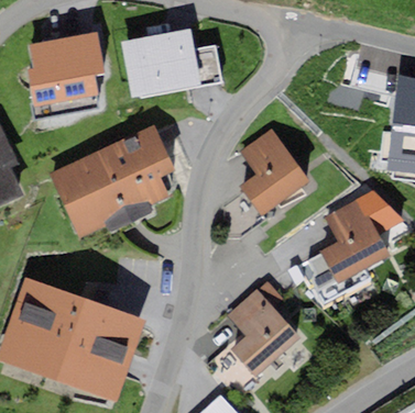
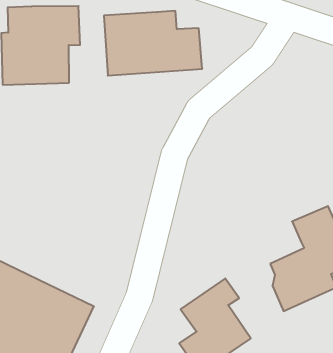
building: [54,125,173,232] -> none
building: [239,129,307,213] -> none

